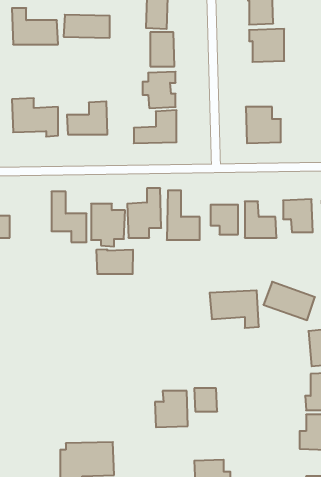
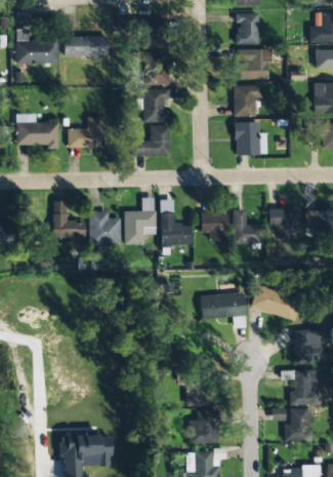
building: none -> [234,84,262,116]
building: [97,249,133,274] -> none
building: [155,391,188,427] -> [190,409,220,443]

